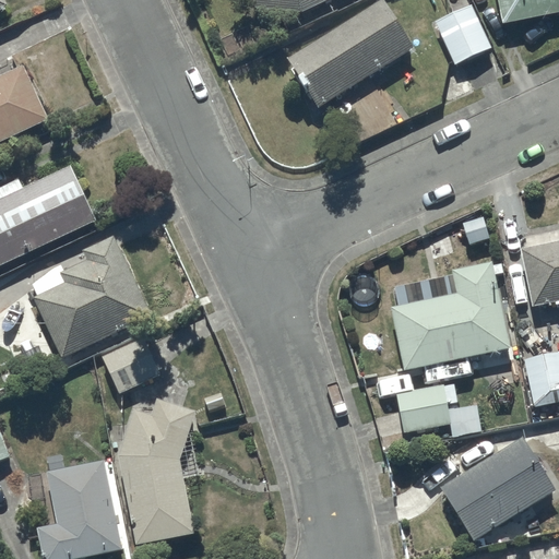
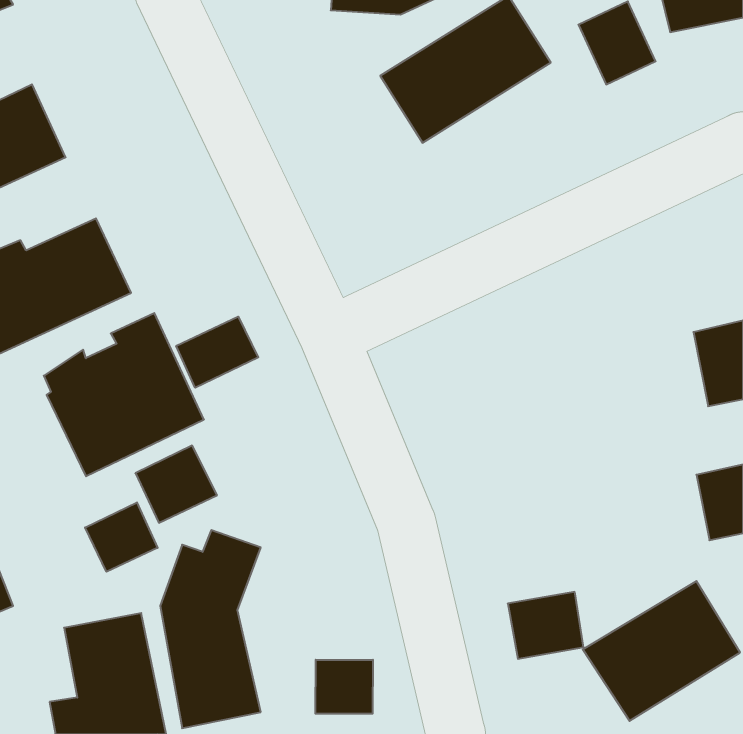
building: none -> [176,317,258,388]
building: [389,262,508,370] -> none
building: none -> [85,502,158,572]
building: [394,381,451,431] -> [508,592,584,659]
building: none -> [315,660,373,714]

